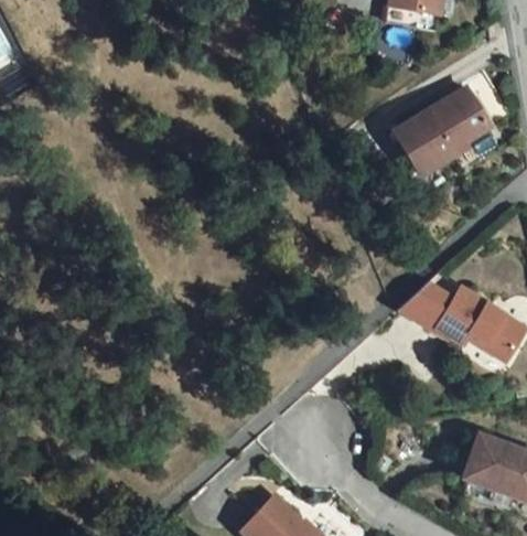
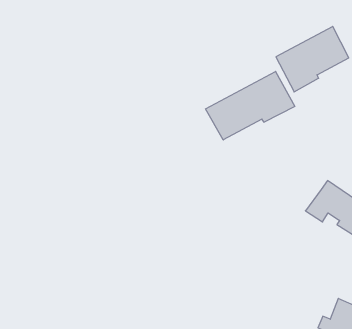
building: none -> [206,71,295,140]
building: [398,282,460,331] -> none

